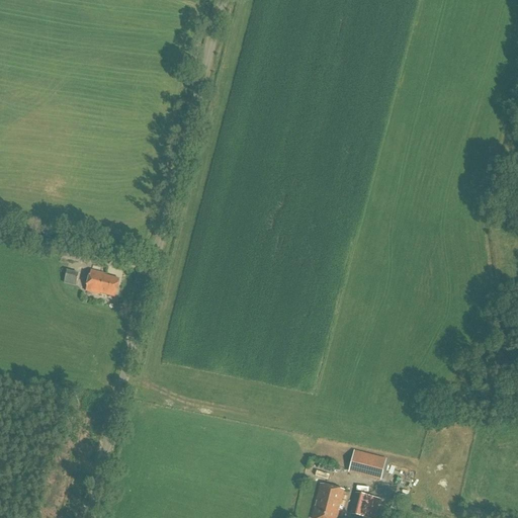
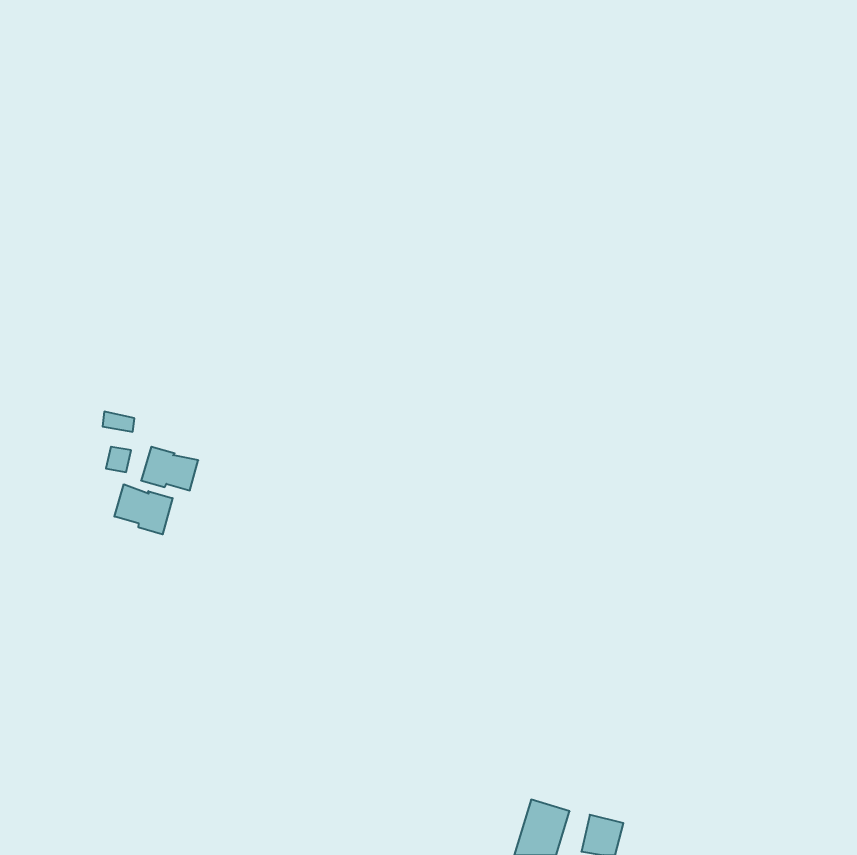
building: none -> [114,484,173,534]
building: [350,450,386,477] -> none

